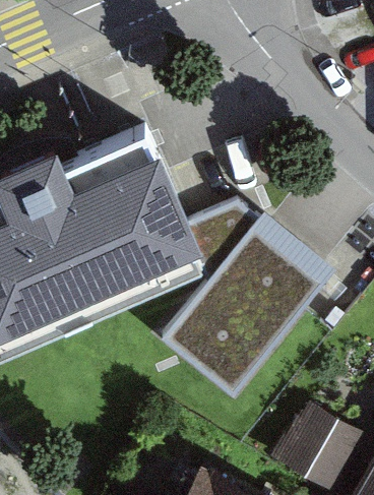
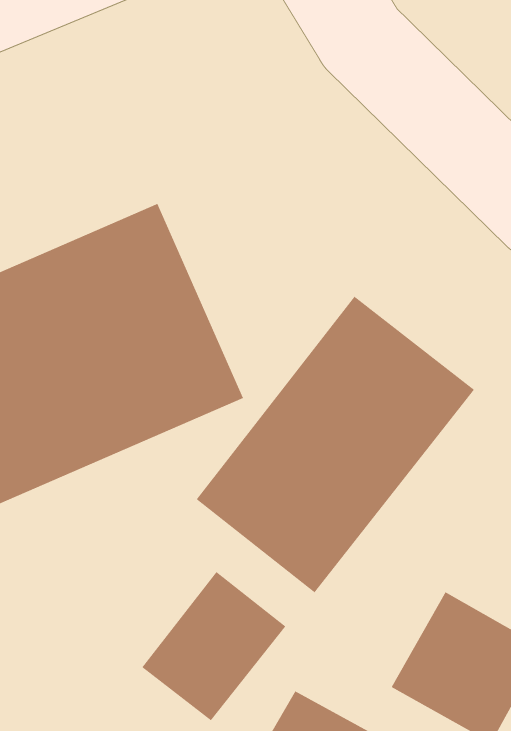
building: none -> [141,571,286,721]

